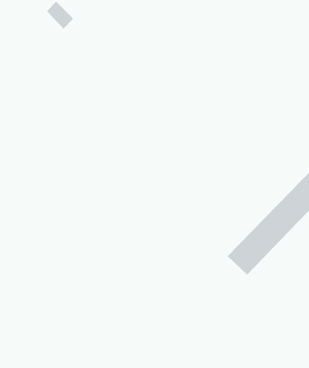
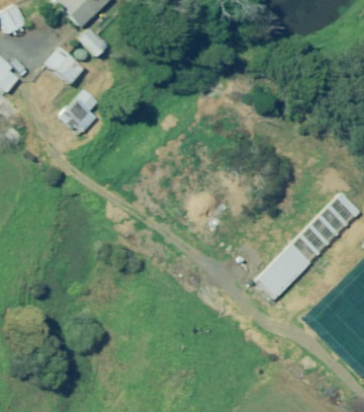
building: none -> [44,45,83,83]
building: none -> [61,88,99,134]

